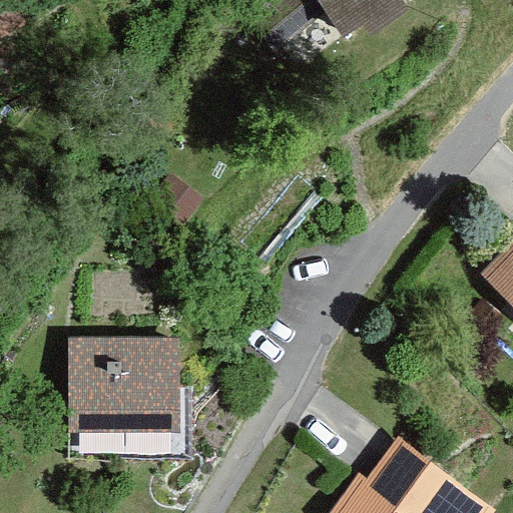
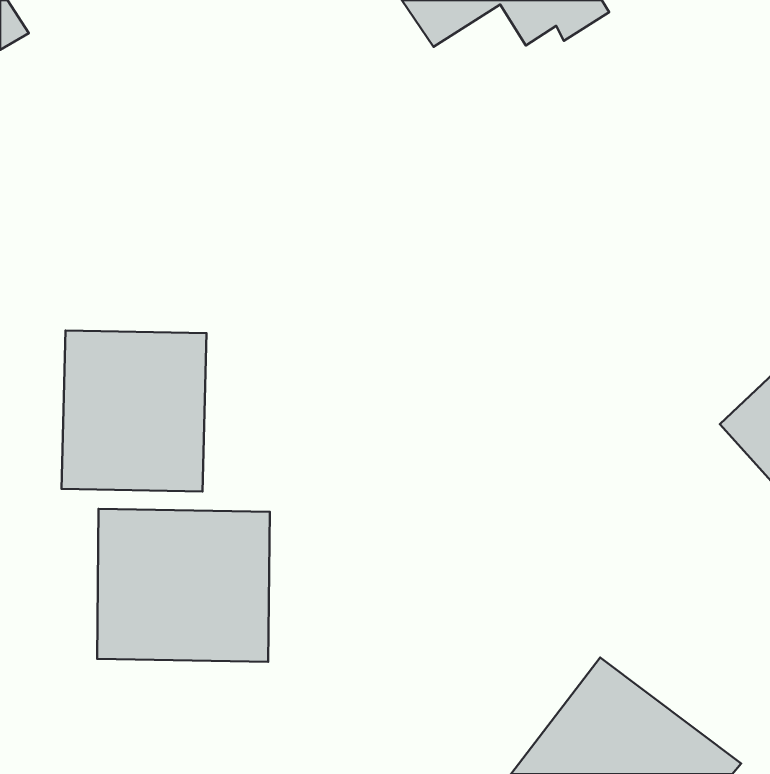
building: none -> [62,331,206,491]

